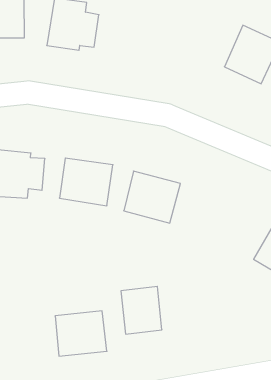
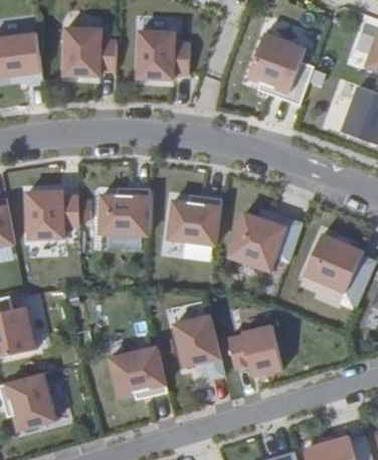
building: none -> [137,29,189,82]
building: none -> [230,211,288,272]
building: none -> [228,323,279,377]

